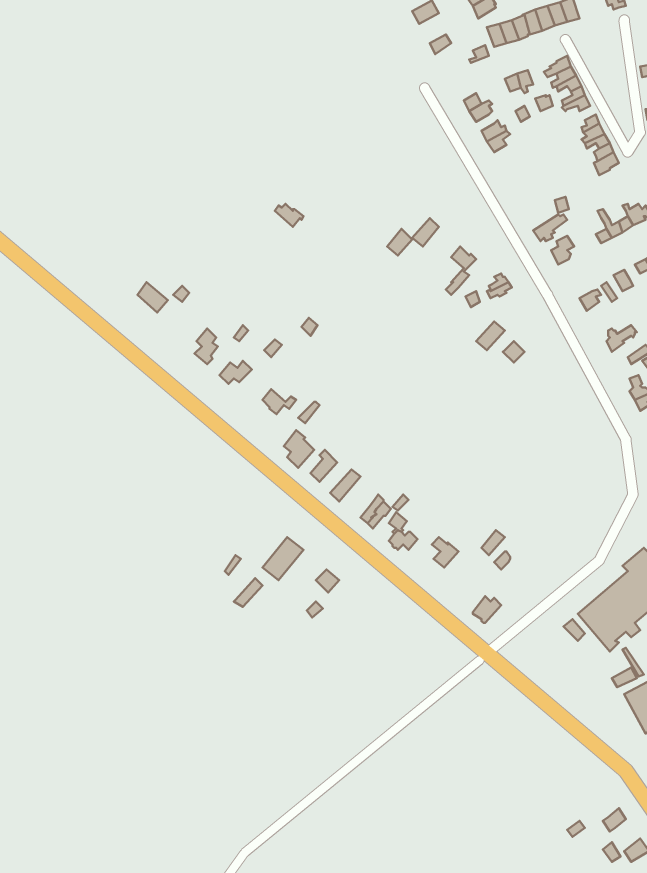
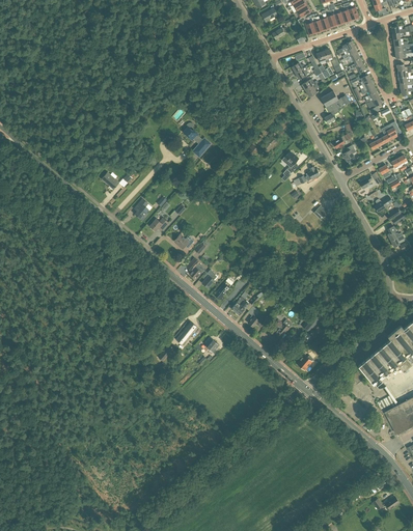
building: none -> [321,90,350,123]

